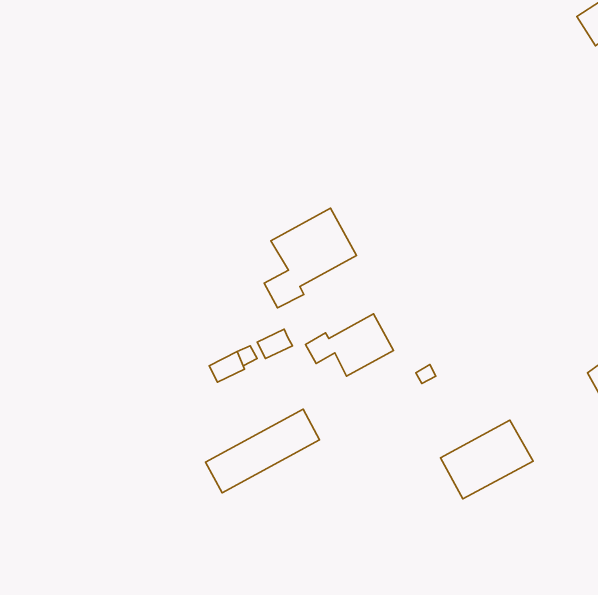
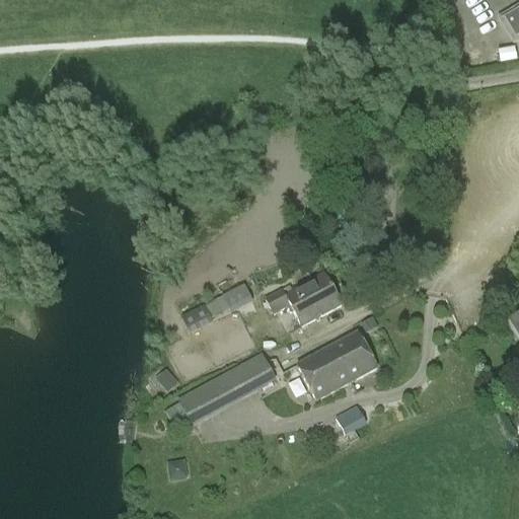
building: [264,208,357,308] -> none
building: [440,420,533,499] -> [297,330,377,398]
building: none -> [337,404,368,434]

